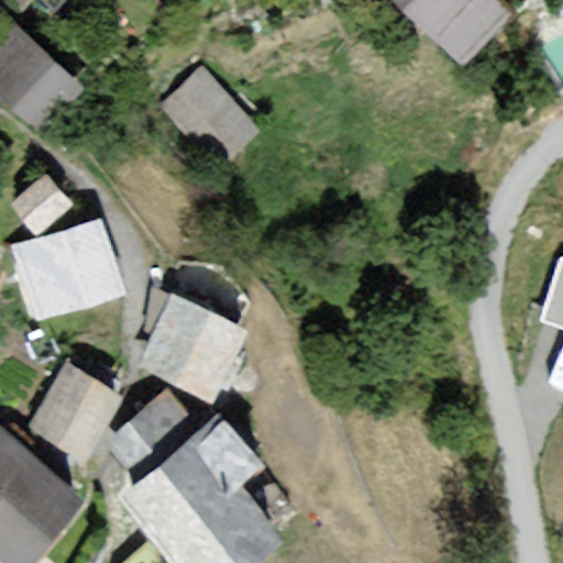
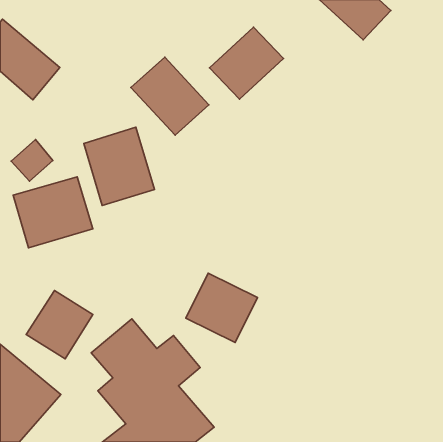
building: none -> [210,27,283,99]
building: none -> [84,127,154,206]
building: [147,301,239,389] -> [186,273,258,342]

